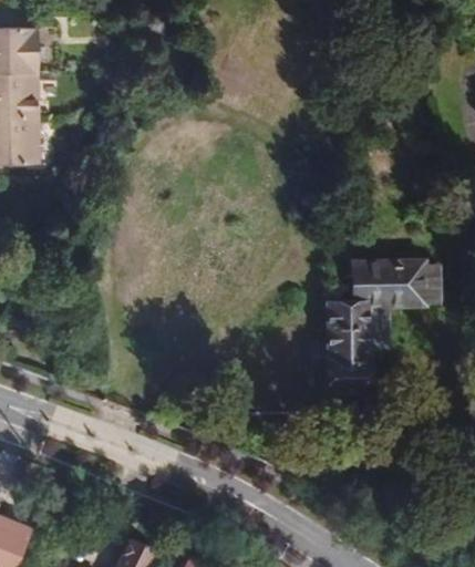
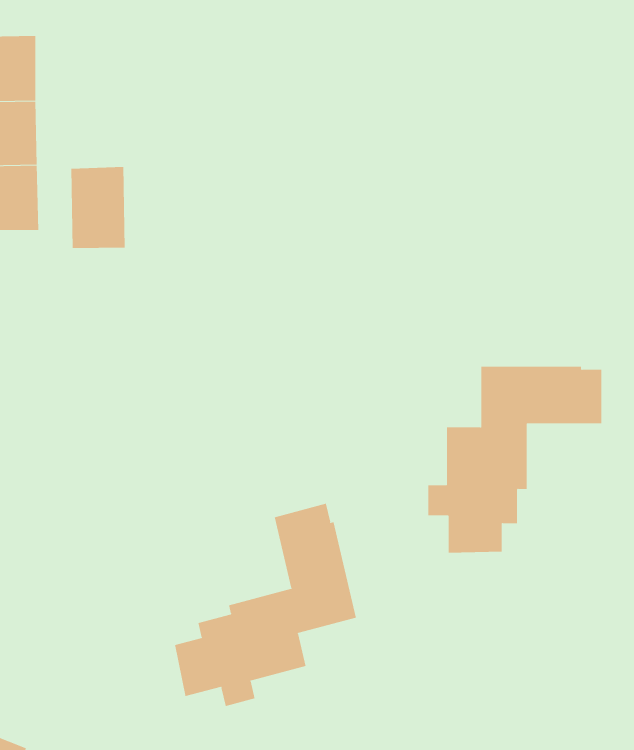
building: none -> [71,166,125,249]
building: none -> [175,503,356,707]

